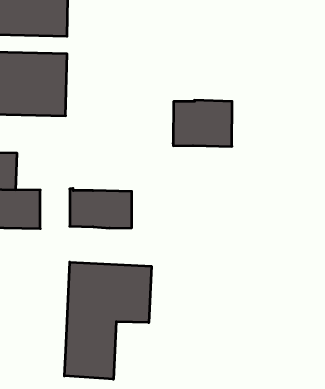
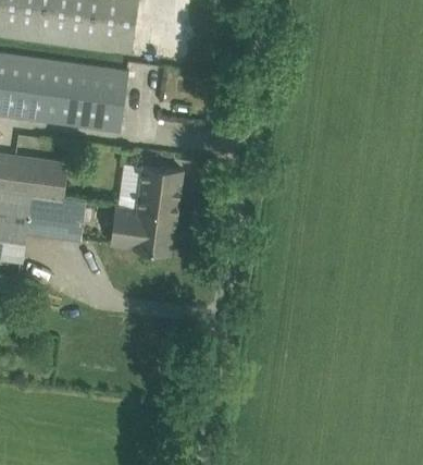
building: [173,100,232,146] -> [119,163,182,215]
building: [64,262,151,379] -> none

